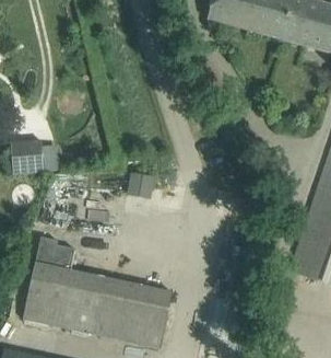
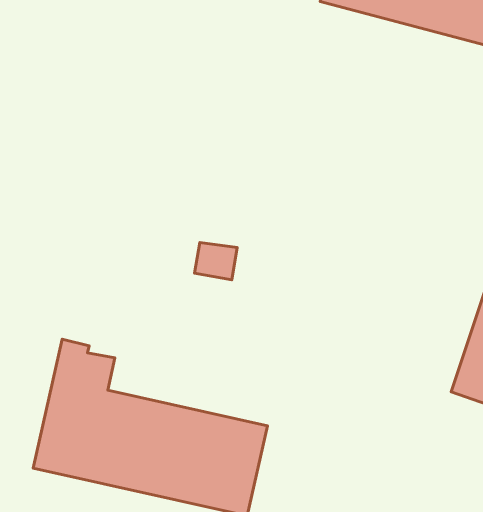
building: [12,143,46,174] -> none

